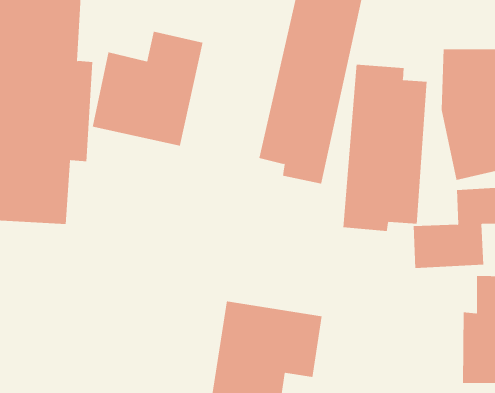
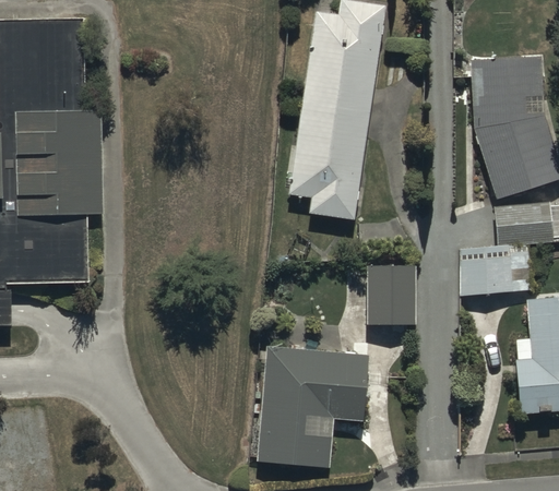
building: [92,31,203,147] -> none
building: [343,64,427,232] -> none
building: none -> [368,265,415,325]

